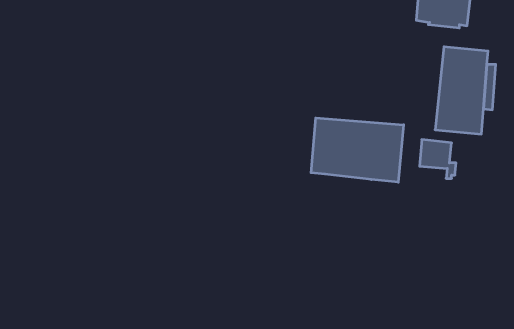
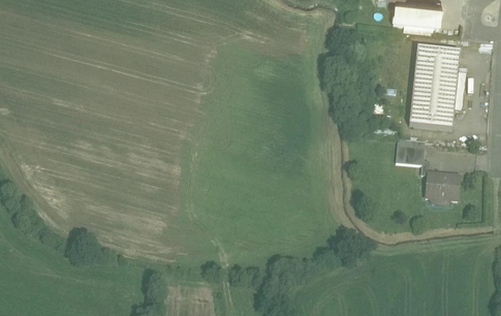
building: [311,118,404,182] -> none
building: none -> [424,170,460,204]

